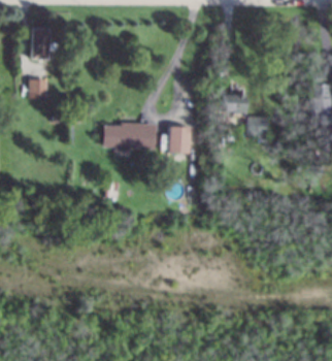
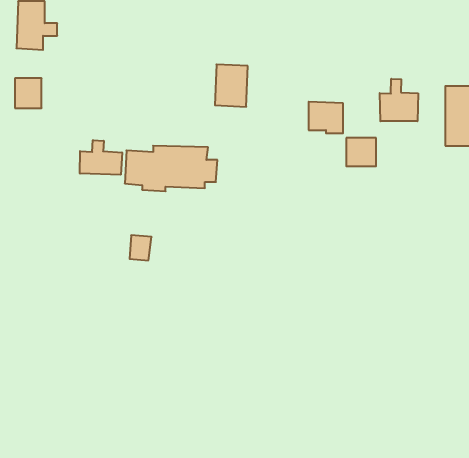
building: none -> [380,79,418,121]
building: none -> [80,140,122,175]
building: [168,126,190,154] -> [215,64,248,107]

